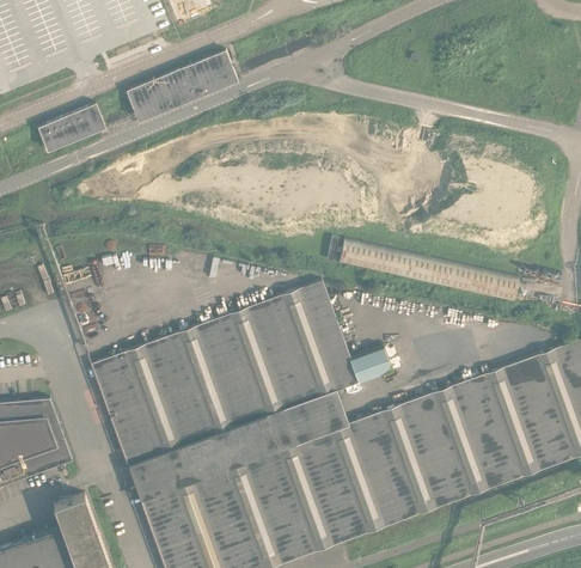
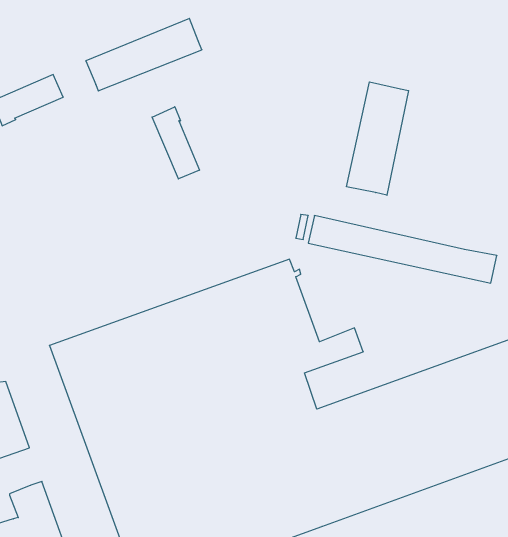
building: none -> [347,82,409,195]
building: none -> [152,107,199,179]

